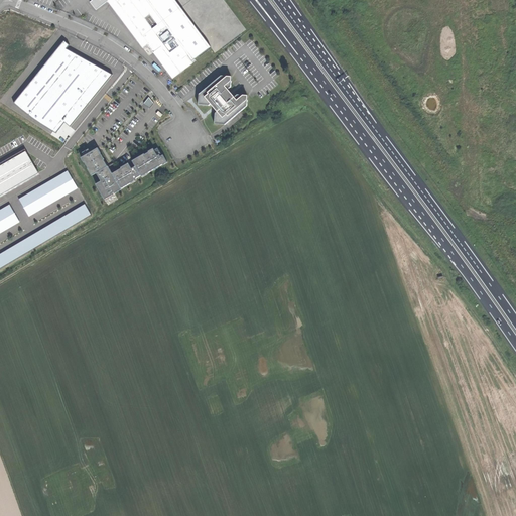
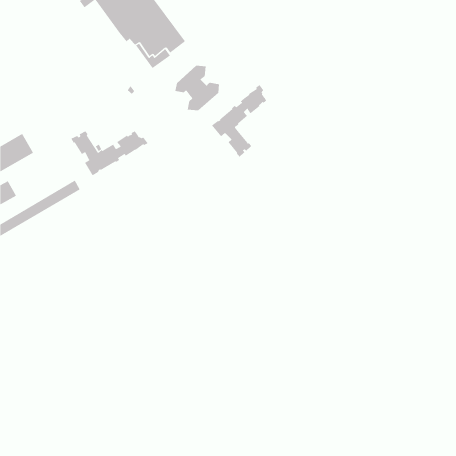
building: [11,40,112,132] -> none
building: none -> [211,84,267,157]
building: [18,170,77,216] -> none

